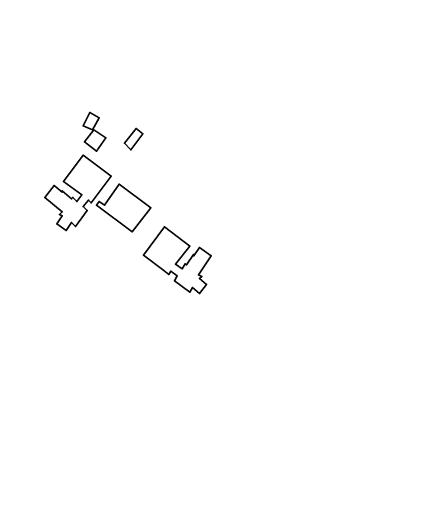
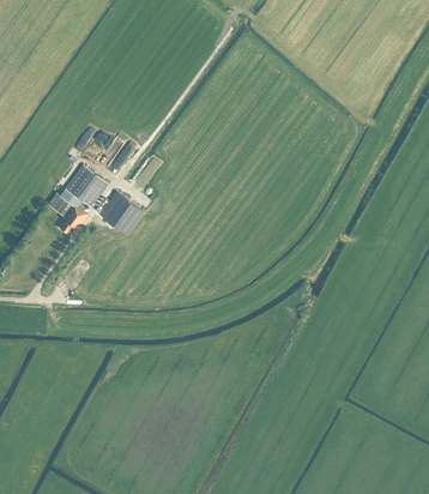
building: [144,227,211,293] -> none

